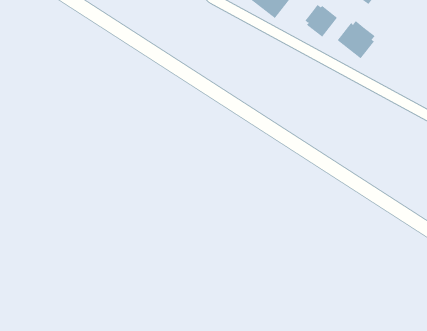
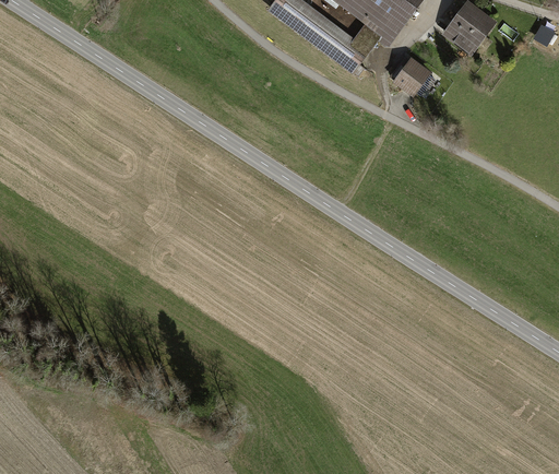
building: [337,20,375,59] -> none

